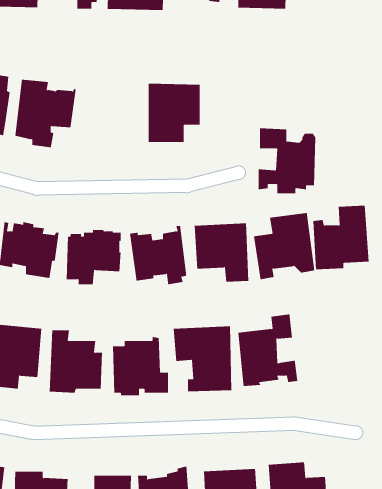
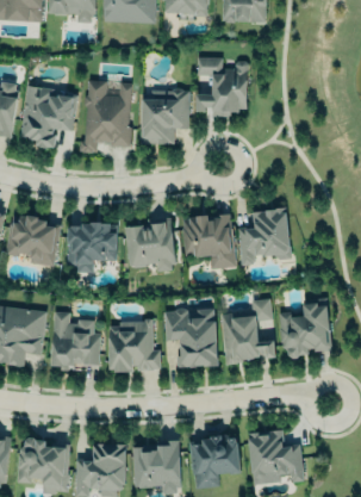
building: none -> [79,80,131,153]
building: [258,128,316,194] -> [195,56,248,116]
building: [313,205,369,270] -> [280,299,331,358]

